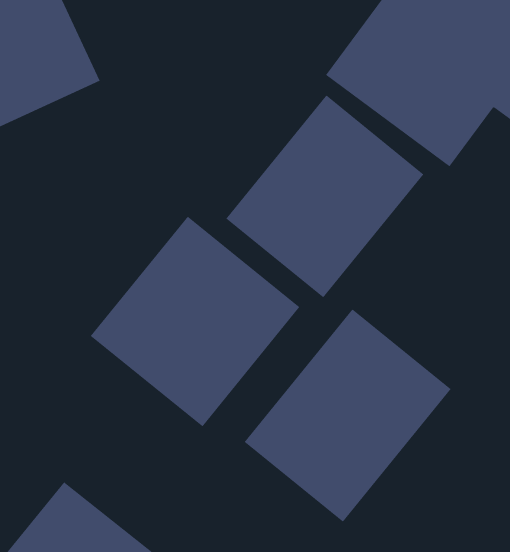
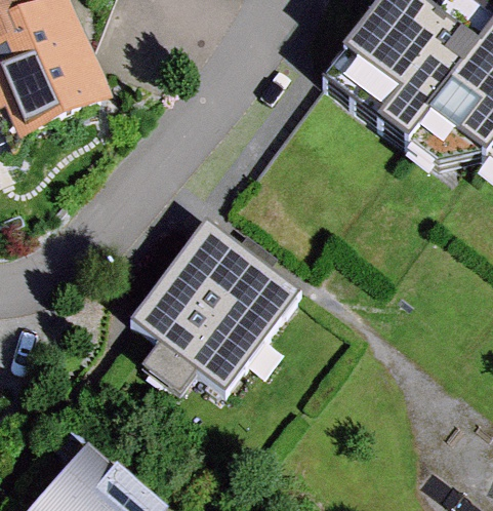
building: [225,95,424,298] -> none
building: [244,308,451,523] -> none

